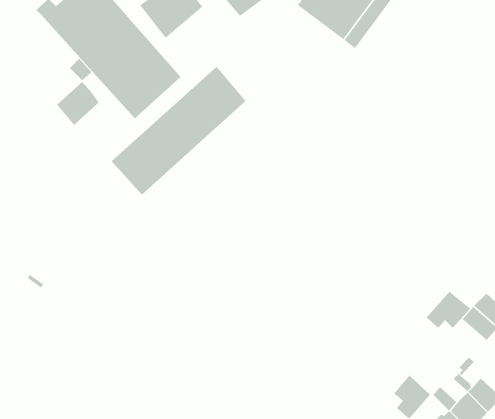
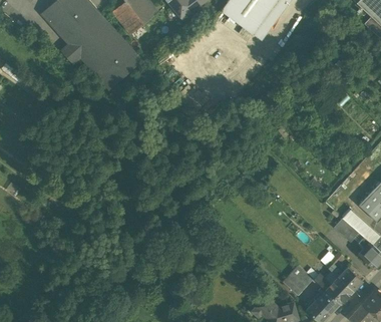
building: [111,66,247,196] -> none
building: [56,81,100,126] -> none
building: [426,291,471,328] -> none

